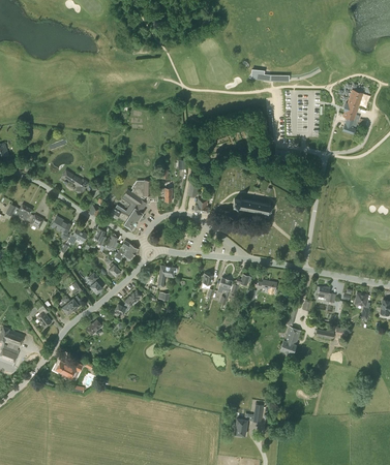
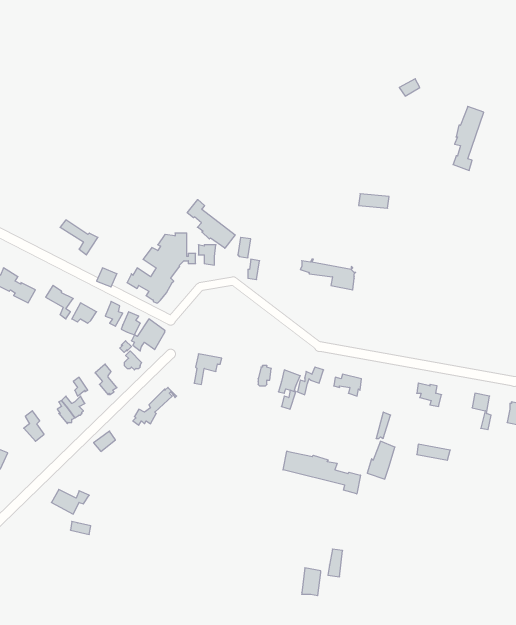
building: none -> [187,200,235,248]
building: none -> [283,451,360,494]

